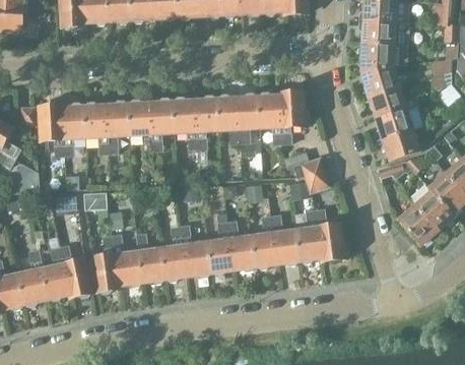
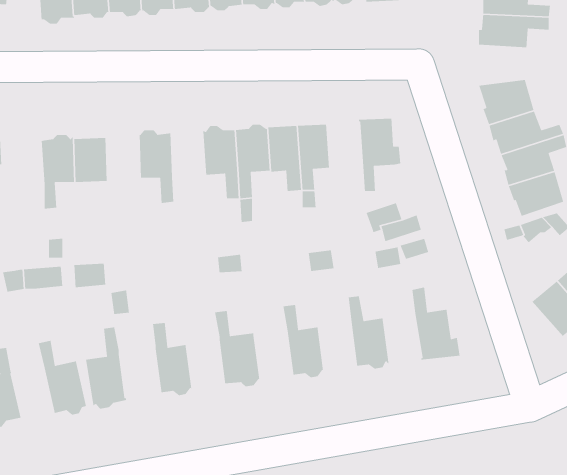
building: [360,43,395,70] -> none
building: [258,94,283,144] -> none
building: [151,99,175,150] -> none
building: [107,101,130,154] -> none
building: [39,103,64,156] -> none
building: [296,210,323,263] -> none
building: [208,214,235,276] -> none
building: [252,216,278,269] -> none
building: [161,226,188,282] -> none
building: [113,234,144,287] -> none
building: [42,247,71,301] -> none

